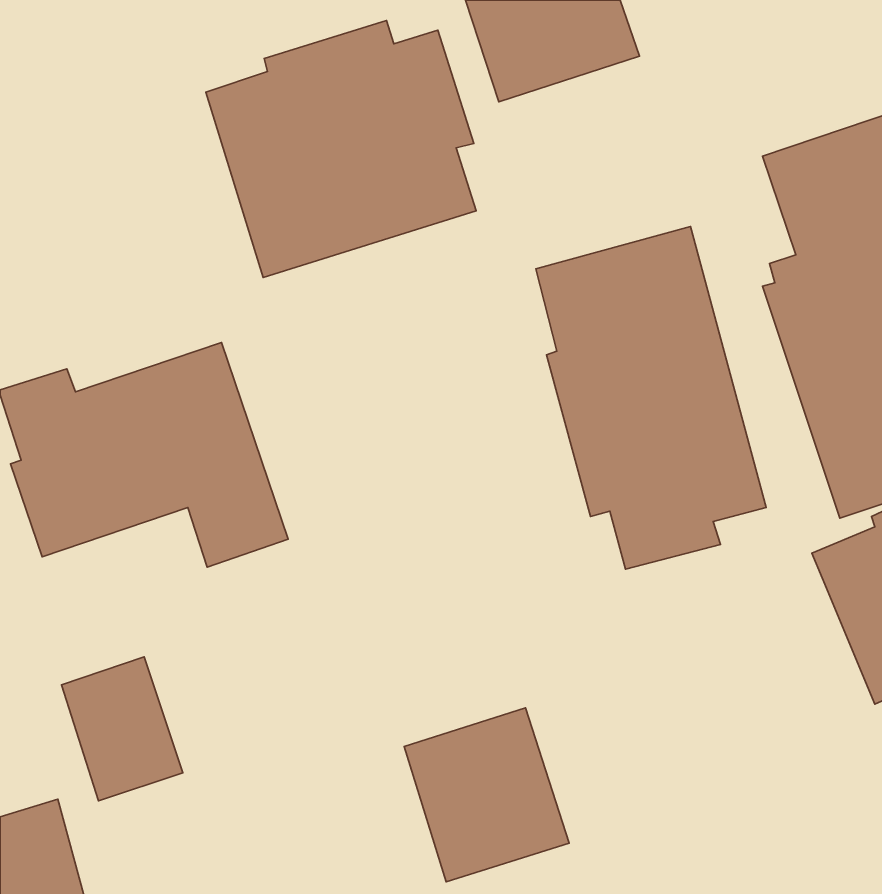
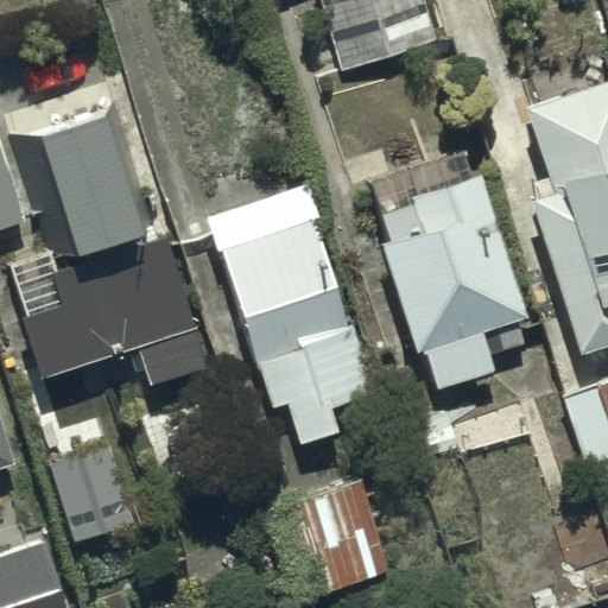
building: [206,21,476,277] -> none
building: none -> [25,102,158,251]
building: none -> [207,184,375,446]

